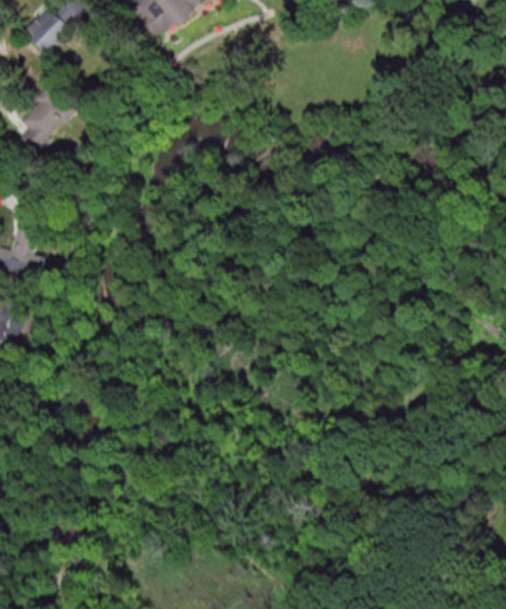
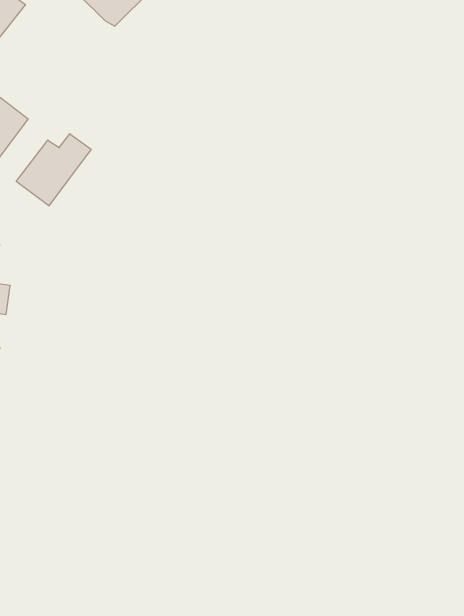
building: none -> [16,134,91,206]

